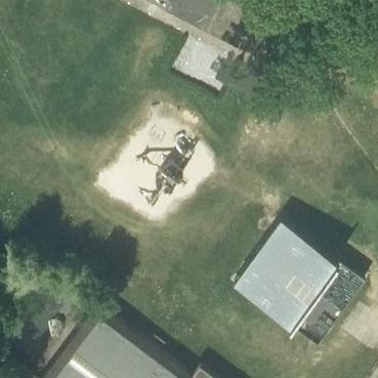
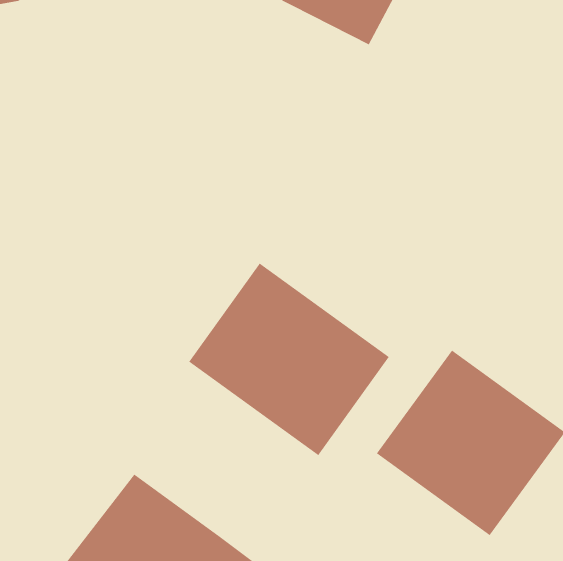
building: none -> [188,263,390,456]

